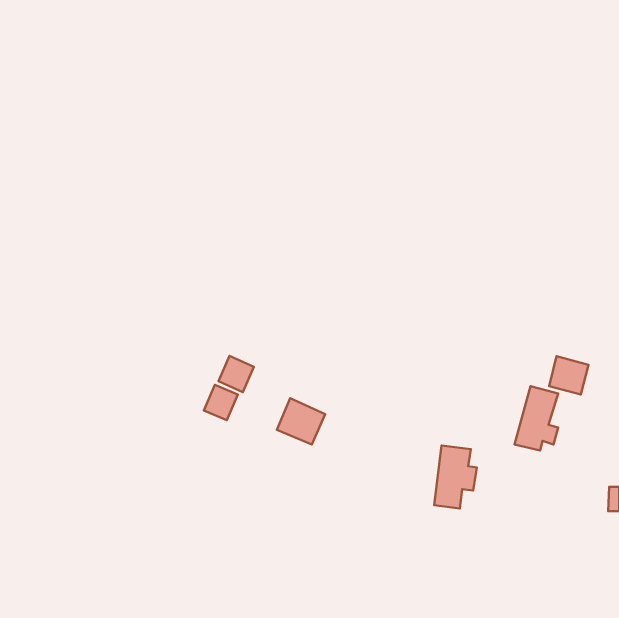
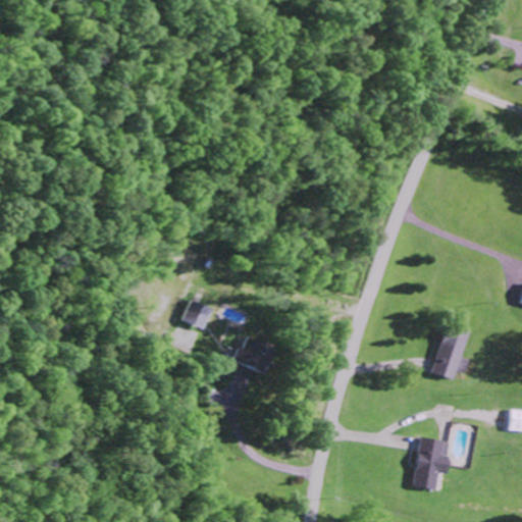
building: [549,356,588,395] -> none
building: [434,446,477,509] -> [413,436,449,489]

